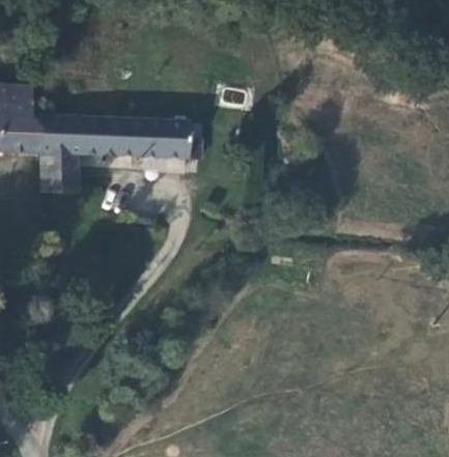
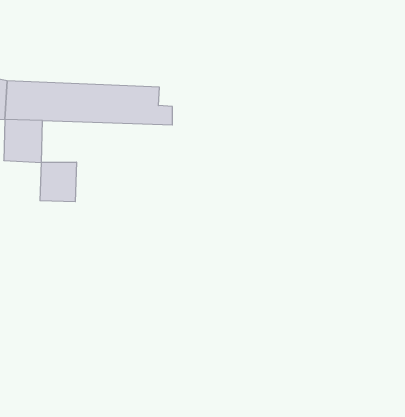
building: none -> [40,162,76,202]

